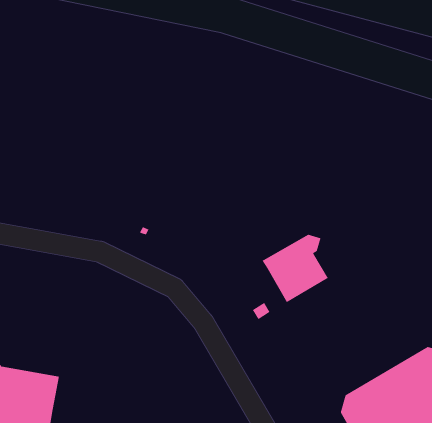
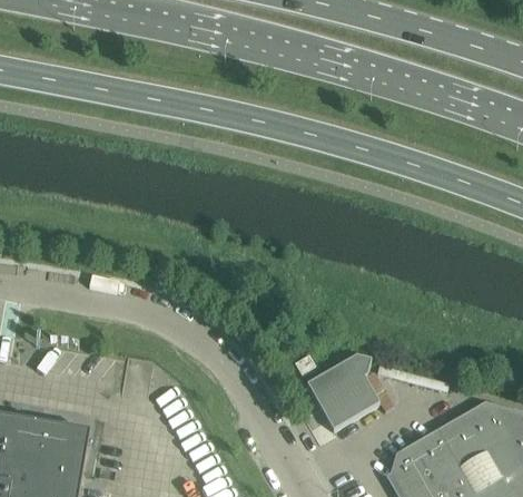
building: [262,234,329,303] -> [306,355,378,430]

